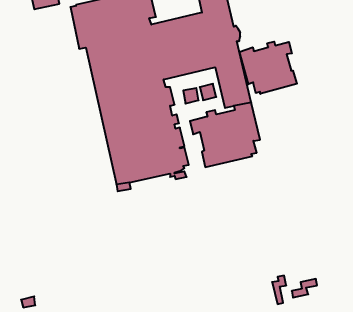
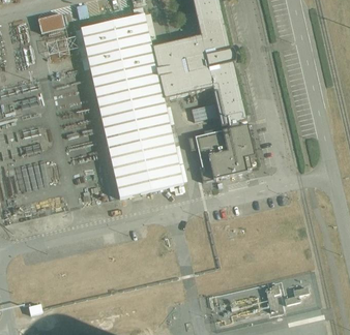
building: [239,42,297,94] -> none

